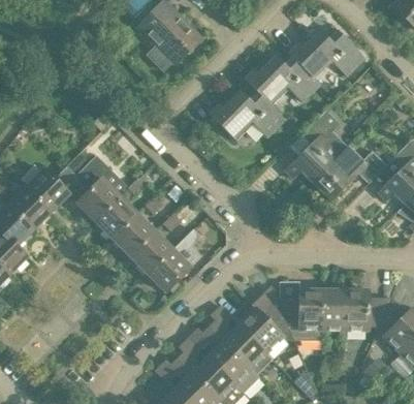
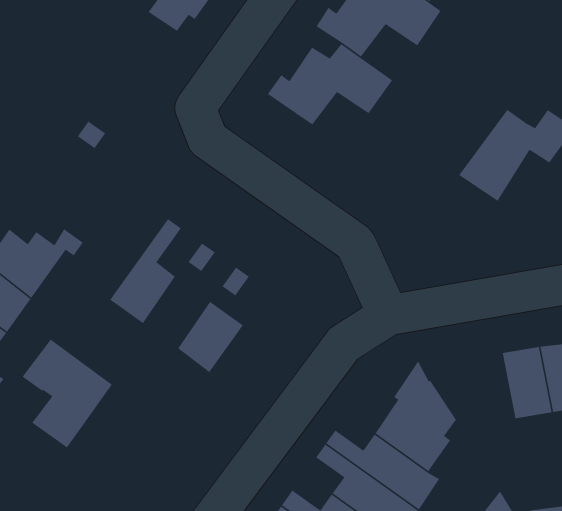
building: [285,111,348,182] -> none
building: [76,155,129,221] -> [22,339,113,448]
building: [114,214,155,256] -> none
building: [148,243,197,292] -> none
building: [277,290,322,341] -> none

